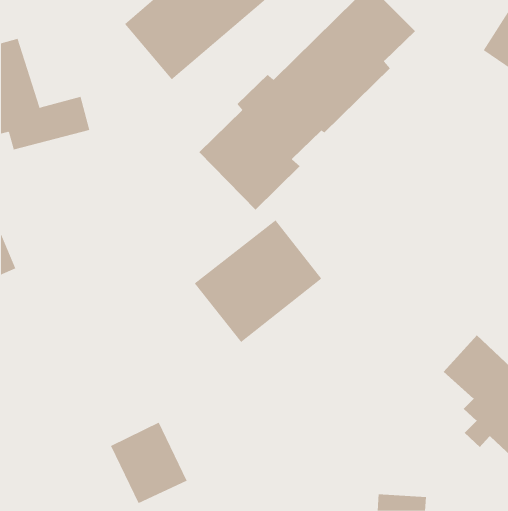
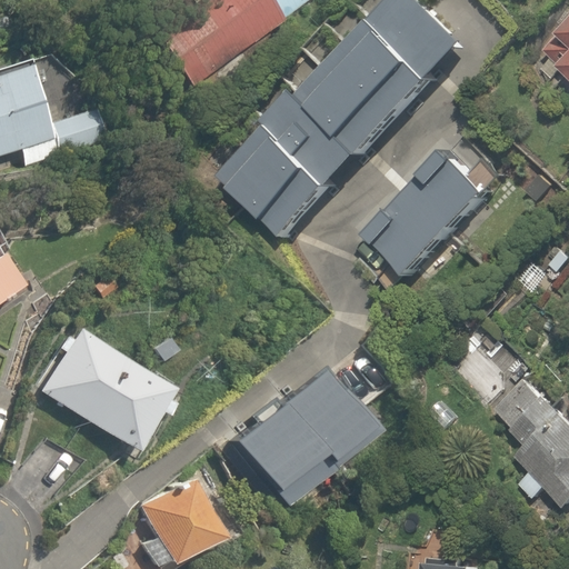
building: none -> [368,143,493,273]
building: [194,219,322,343] -> [223,362,366,499]
building: none -> [30,325,168,447]

